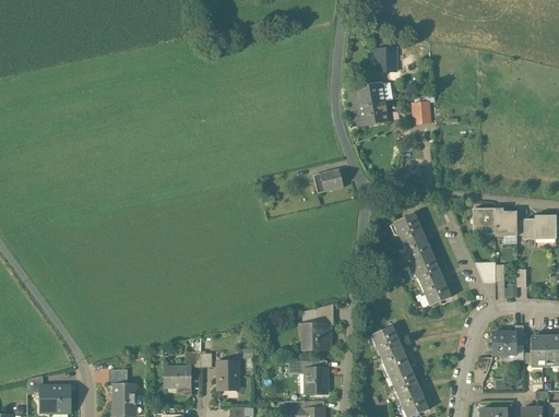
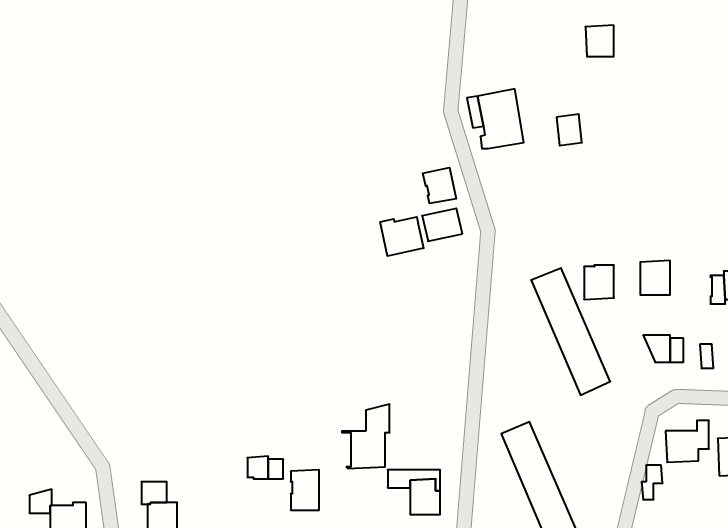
building: [374,48,395,71] -> [585,25,614,57]
building: none -> [423,168,456,203]
building: none -> [380,217,424,256]
building: [495,211,516,236] -> [584,265,614,299]
building: [298,303,333,350] -> [342,404,390,468]
building: [165,366,190,391] -> none

